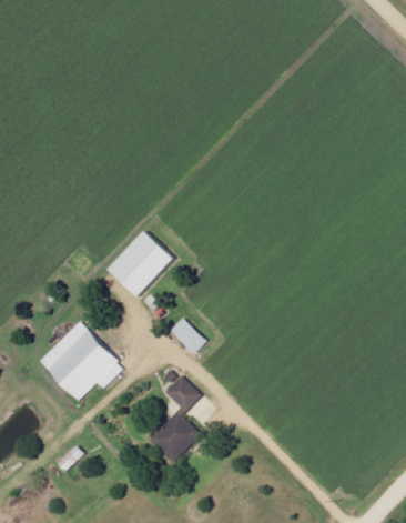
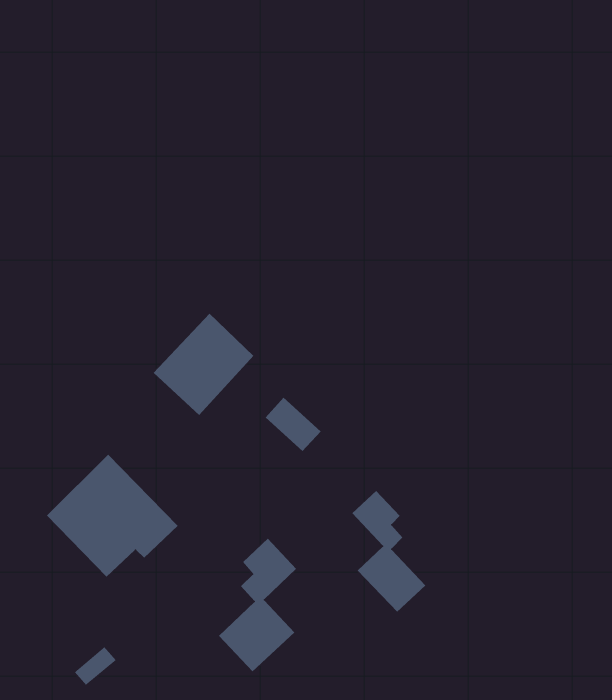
building: [170,318,206,353] -> [265,397,321,452]
building: none -> [352,490,426,613]

